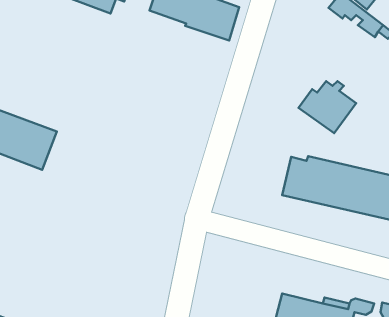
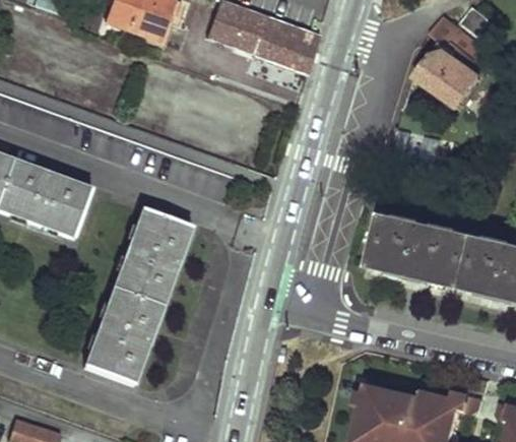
building: [298,81,356,133] -> [416,44,489,109]
building: none -> [83,209,191,384]

